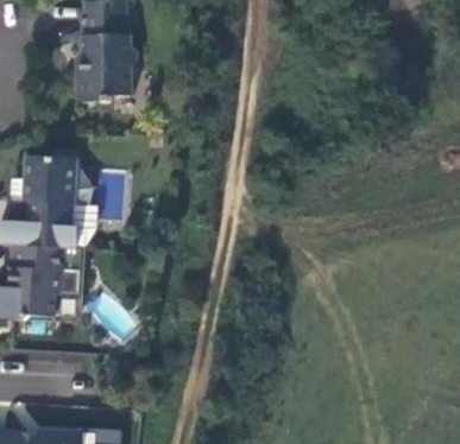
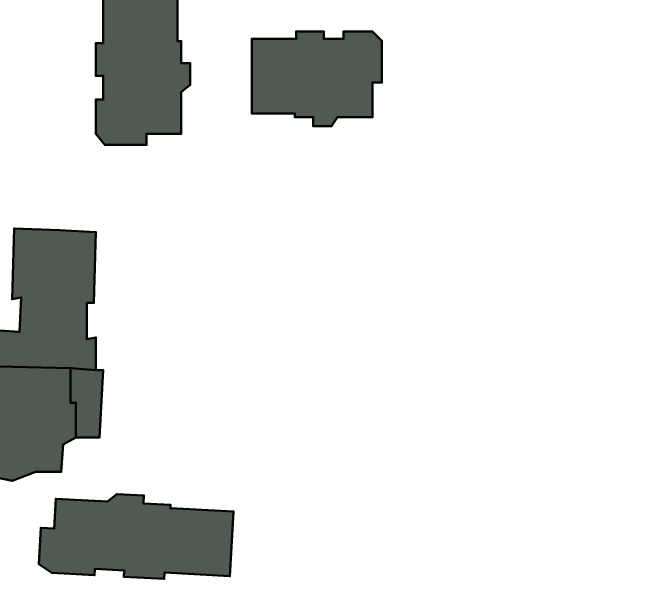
building: none -> [252,32,382,126]
building: none -> [39,494,233,579]

